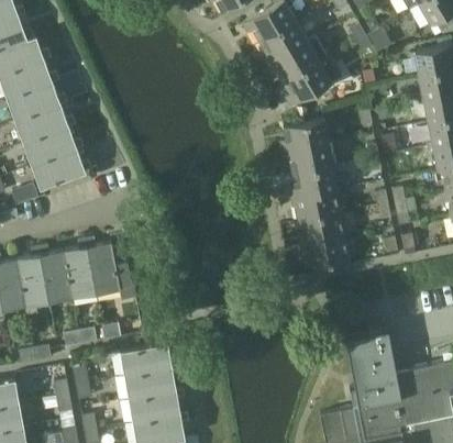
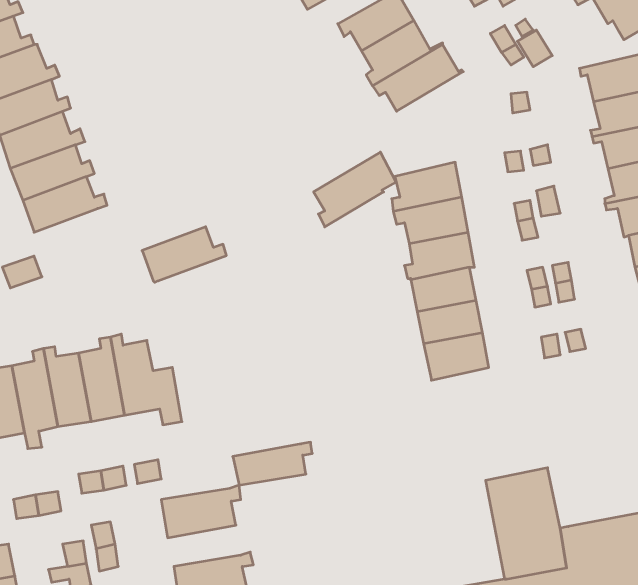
building: [284,57,341,109] -> [314,152,396,227]
building: [33,152,91,190] -> [142,227,226,282]
building: [125,369,180,399] -> [233,442,312,485]

